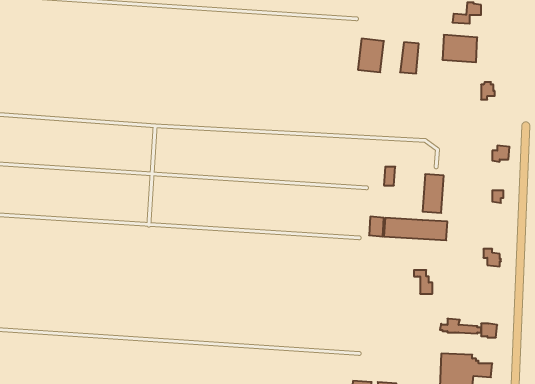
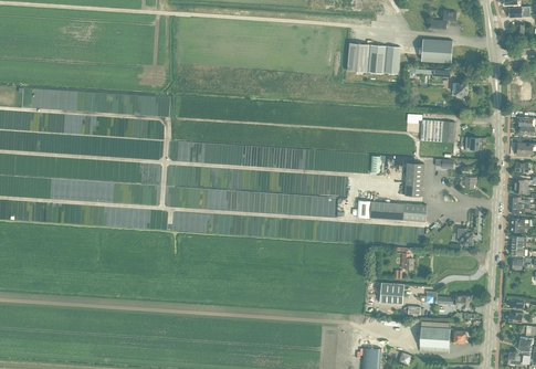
building: none -> [367,44,386,73]
building: none -> [419,119,454,143]
building: none -> [379,283,403,304]

